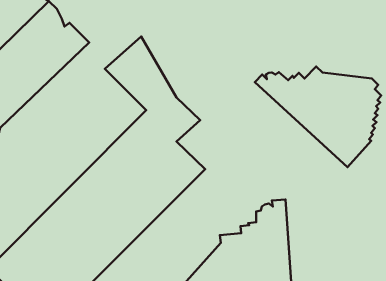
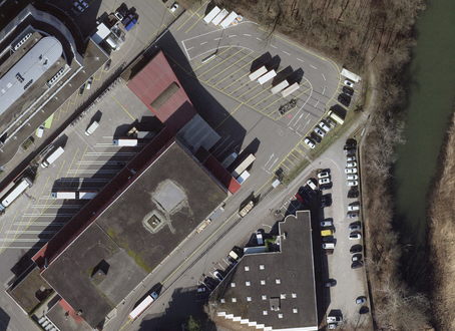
building: [255,66,381,167] -> none

